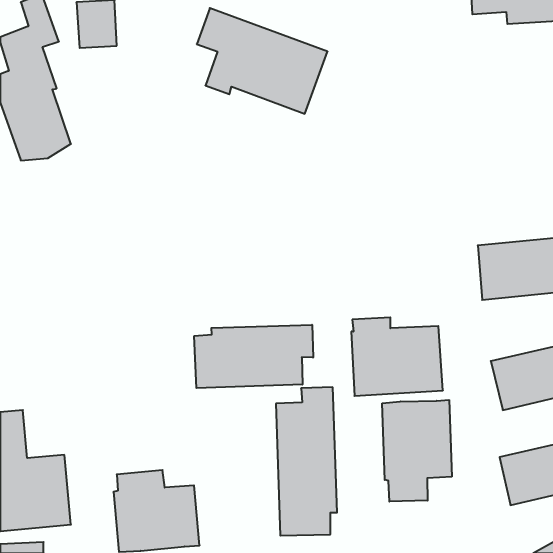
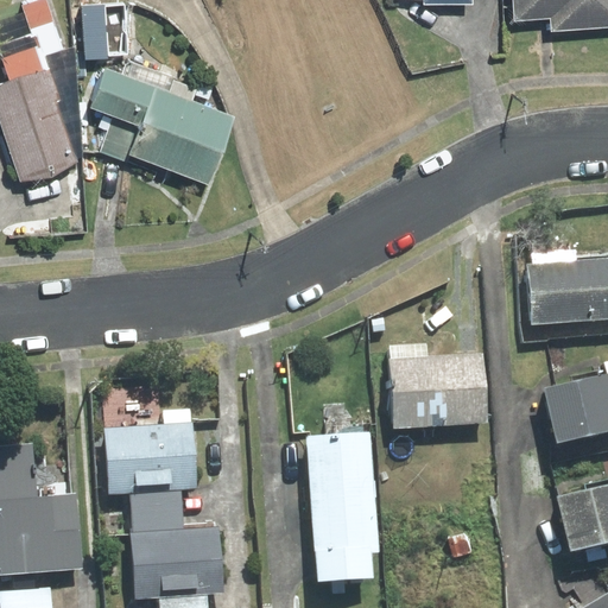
building: [197,8,328,114] -> [96,64,239,179]
building: [194,325,313,388] -> none
building: none -> [102,410,196,517]
building: [382,400,452,502] -> none

